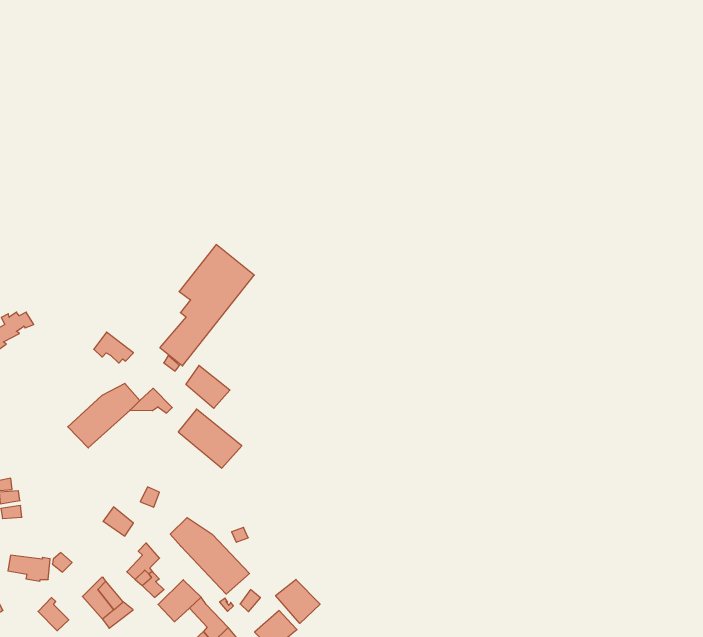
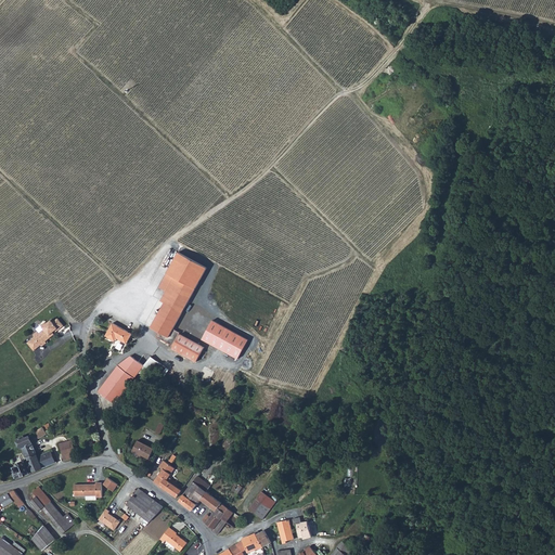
building: [178,409,242,468] -> [202,322,246,359]
building: [170,518,249,594] -> none
building: [276,579,320,623] -> none

